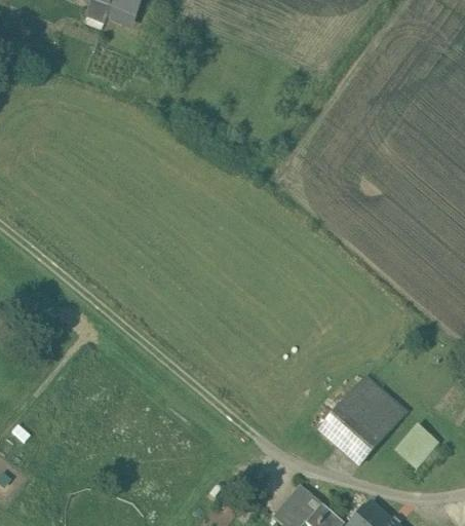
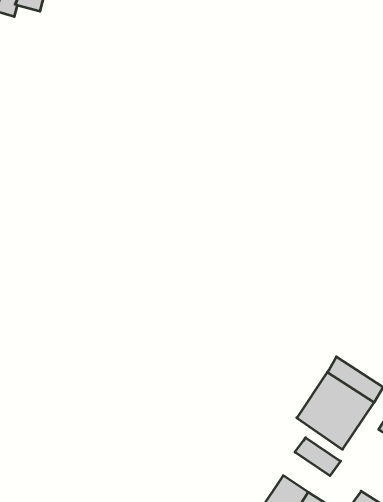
building: none -> [295,438,341,476]

